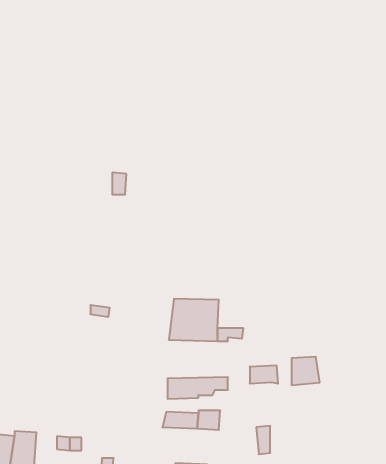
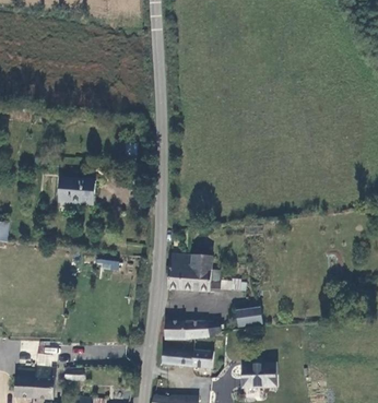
building: none -> [58,177,95,203]
building: [292,357,320,385] -> [255,363,279,387]

